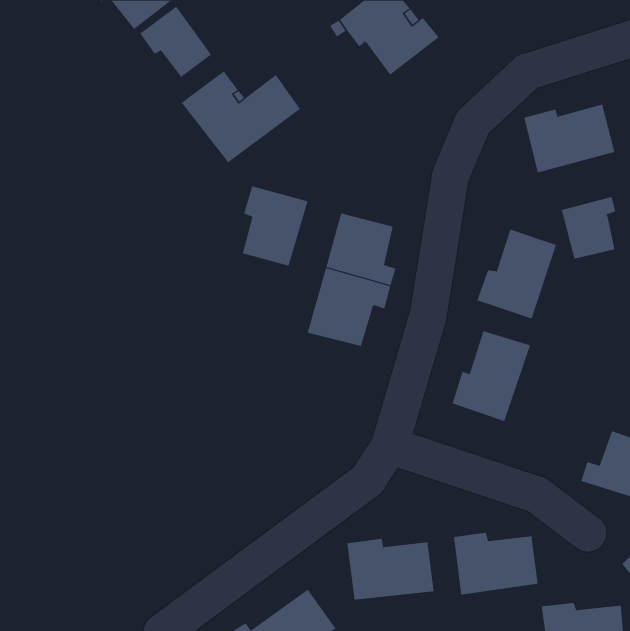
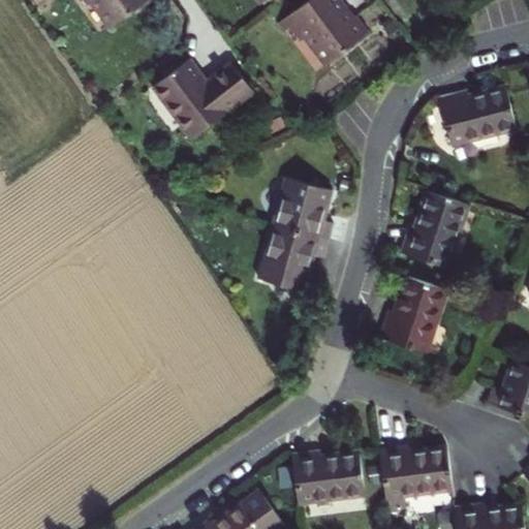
building: [139,6,212,78] -> none
building: [242,186,308,267] -> none
building: [561,196,616,259] -> none

